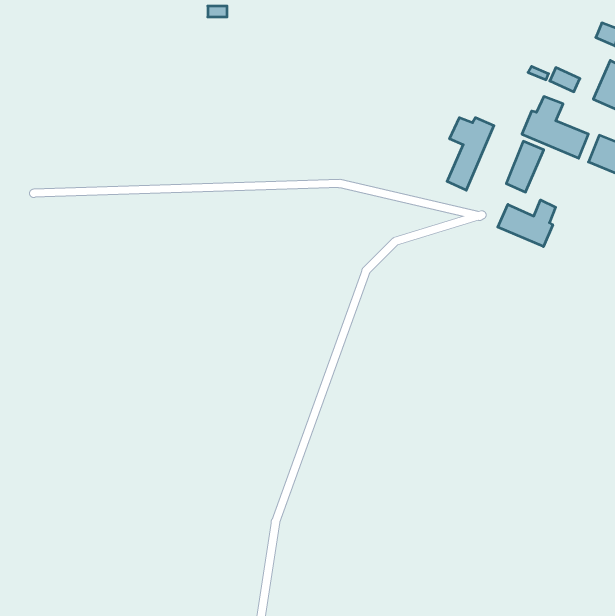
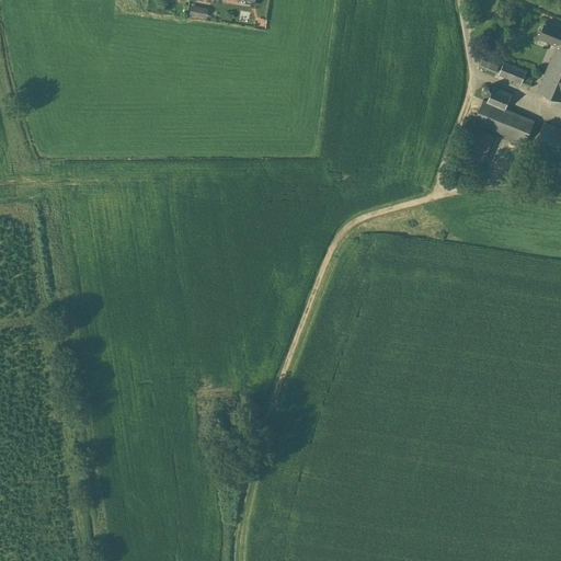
building: [447,118,494,190] -> none
building: [498,200,556,247] -> none

